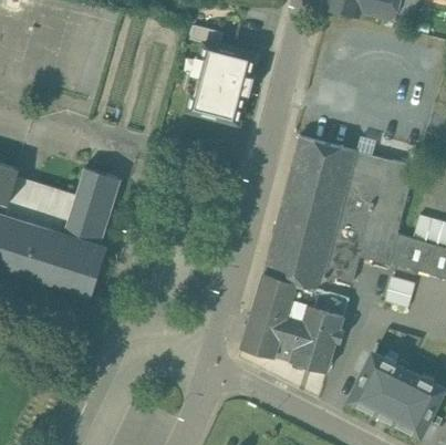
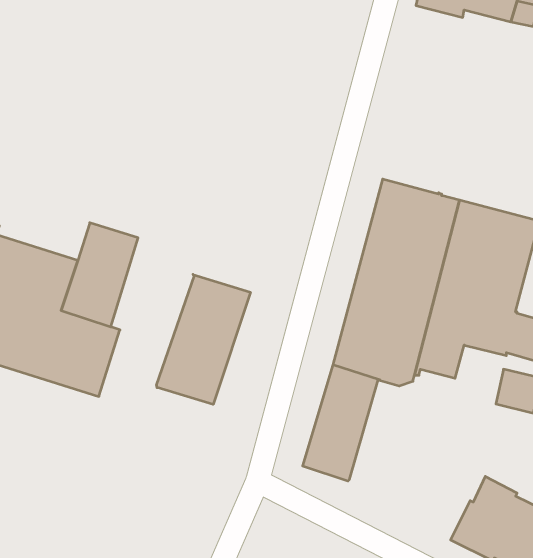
building: [191,44,252,122] -> none
building: none -> [157,274,250,404]
building: [274,282,348,371] -> none

